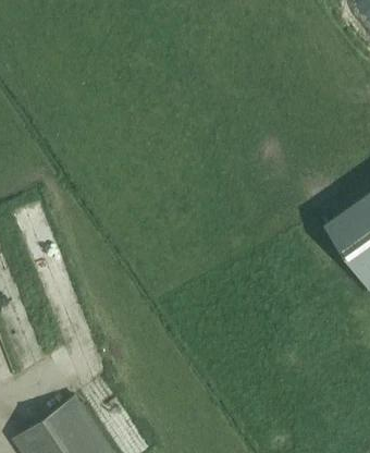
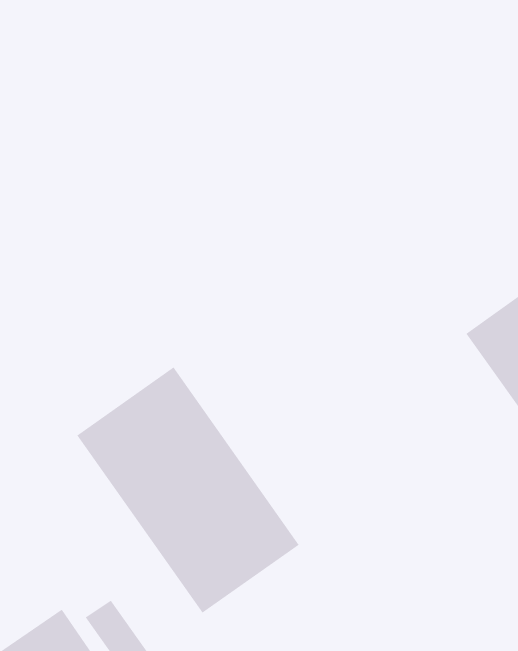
building: none -> [76,367,299,614]

